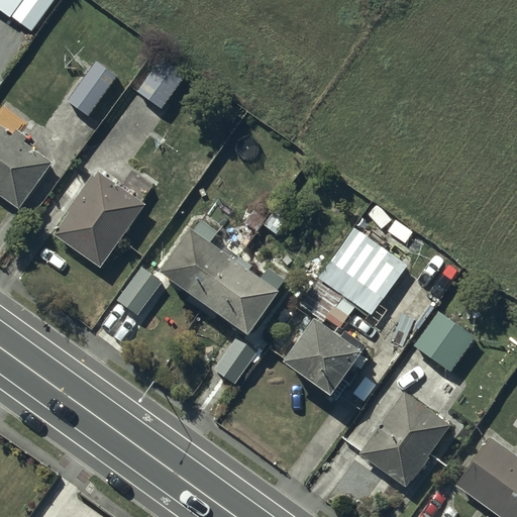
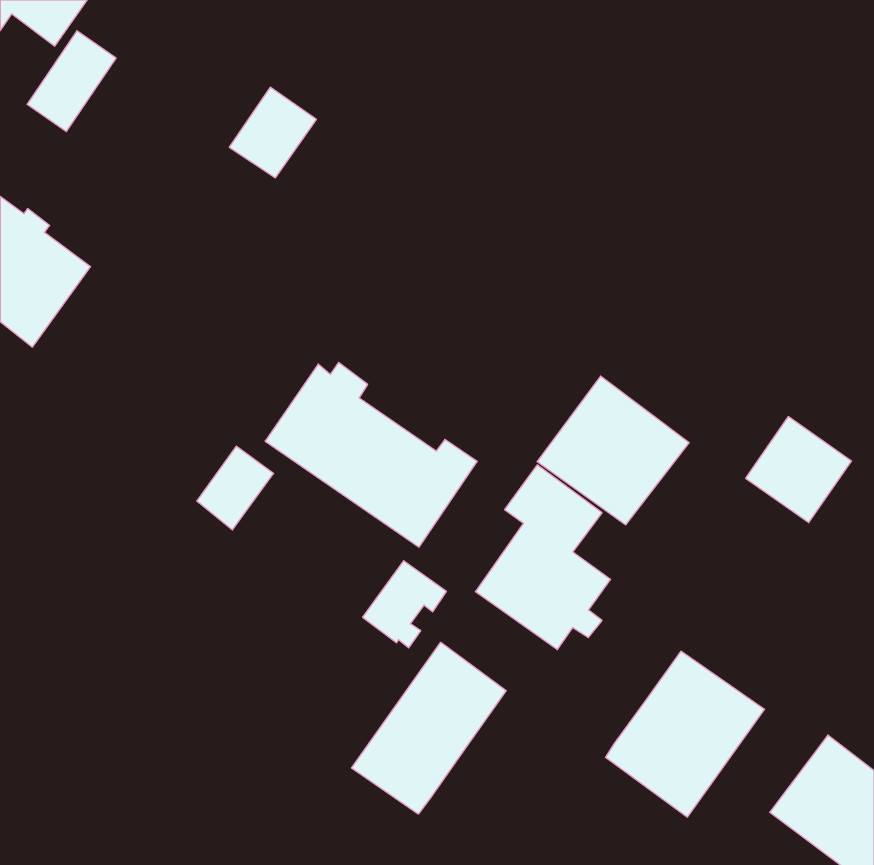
building: [66,60,118,119] -> [27,31,116,132]
building: [54,171,143,268] -> none
building: [413,310,476,373] -> [746,417,852,523]
building: none -> [352,642,506,814]

